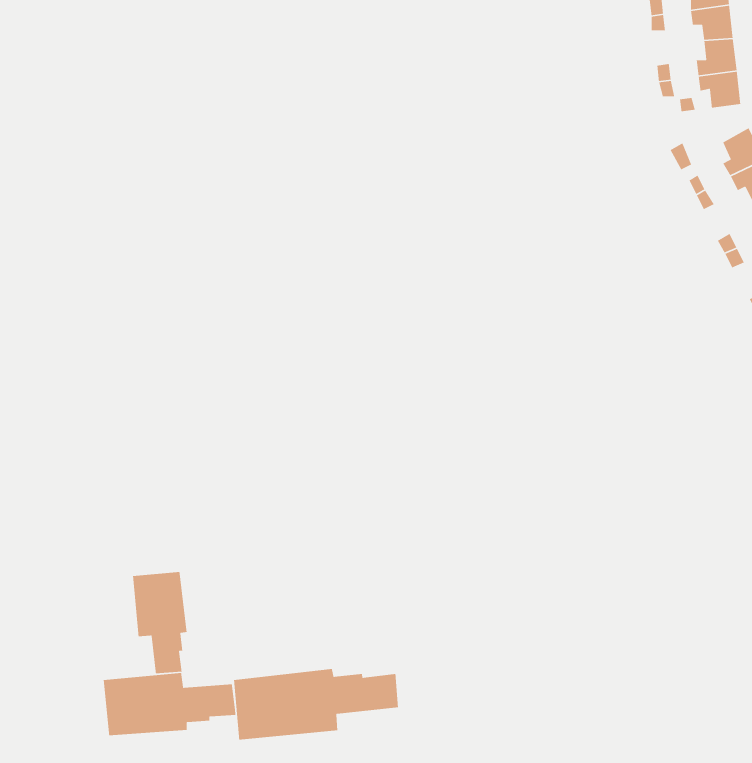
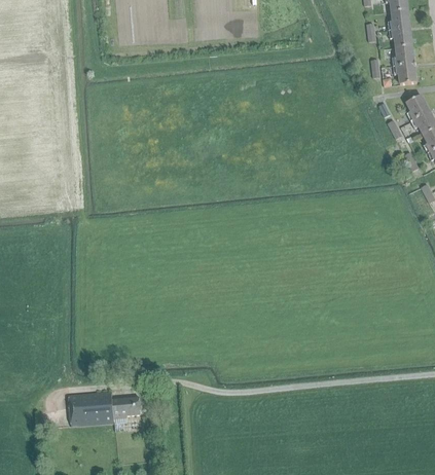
building: [132,571,187,674] -> none
building: [233,668,399,740] -> none

